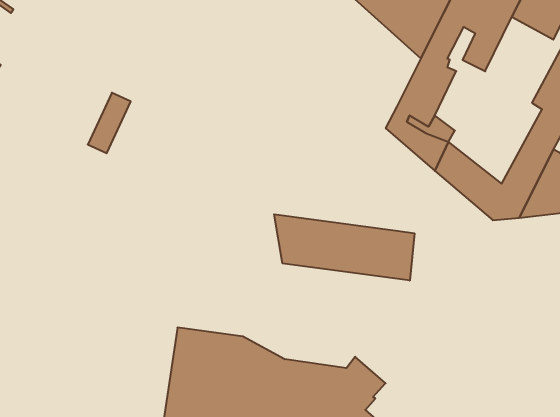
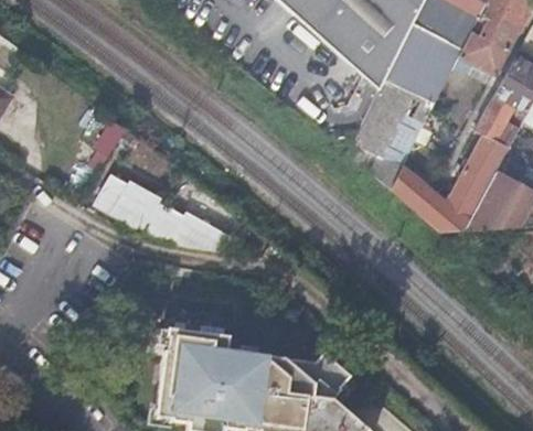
building: none -> [95,174,232,250]
building: [274,214,414,281] -> none

